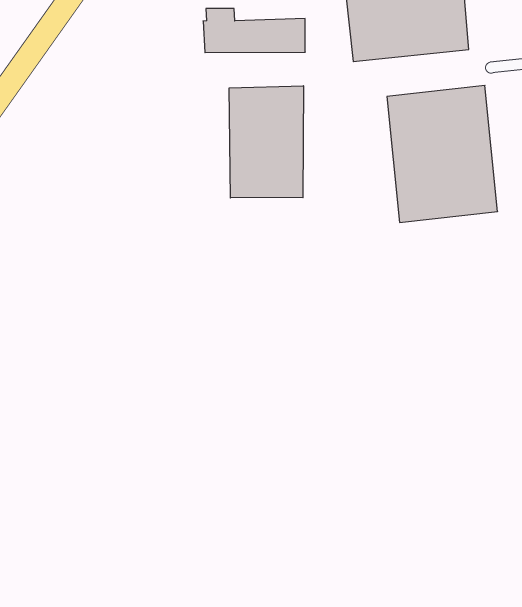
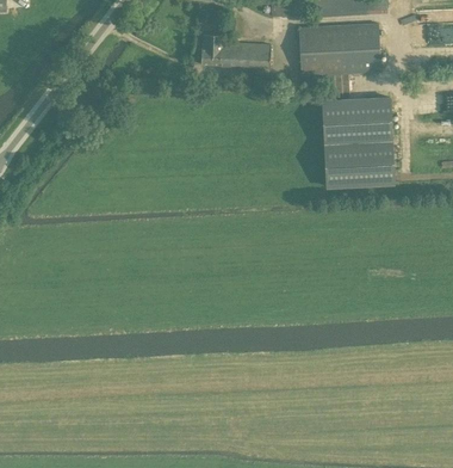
building: [229,86,303,198] -> none

